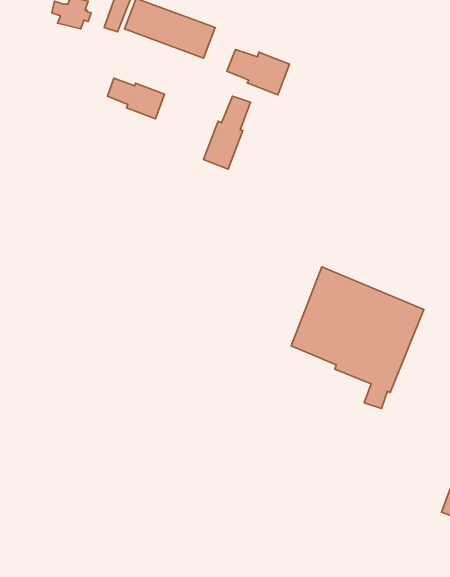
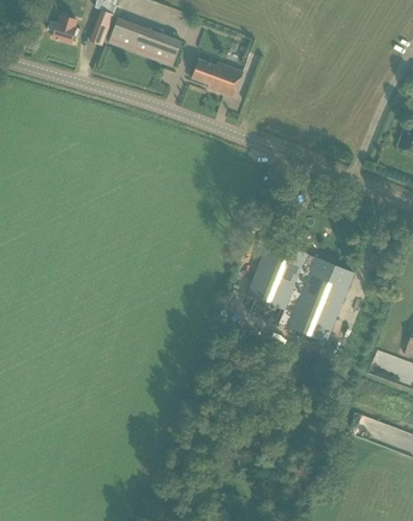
building: [108,78,165,119] -> none
building: [203,96,250,169] -> none

